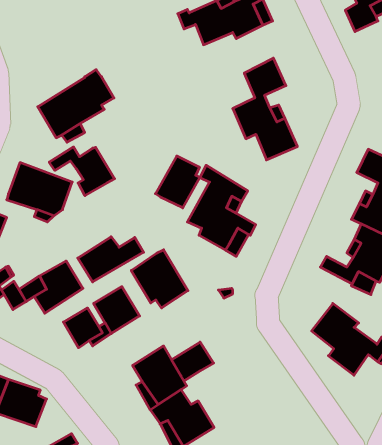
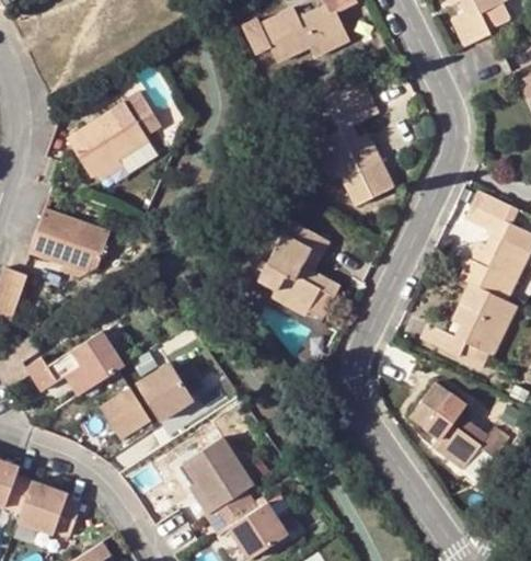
building: [49,147,115,196] -> none
building: [155,156,200,208] -> none
building: [78,237,144,282] -> none
building: [131,250,188,308] -> none
building: [172,342,214,381] -> none

